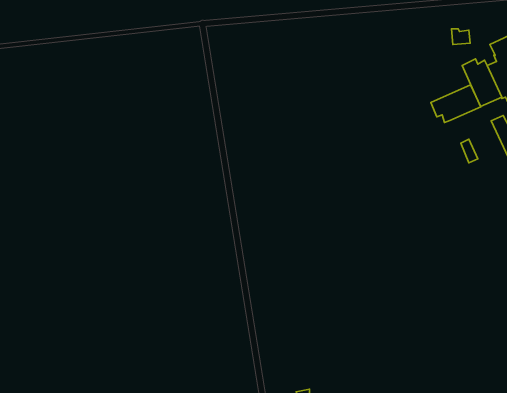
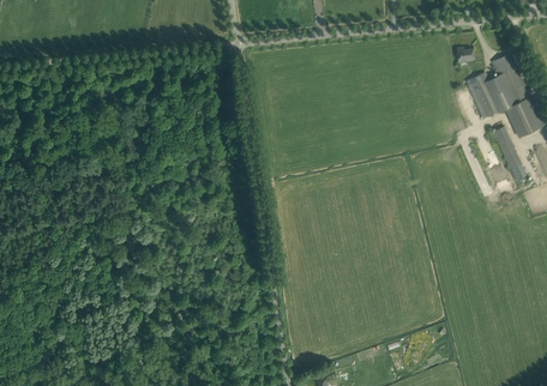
building: [431,85,481,123] -> none

